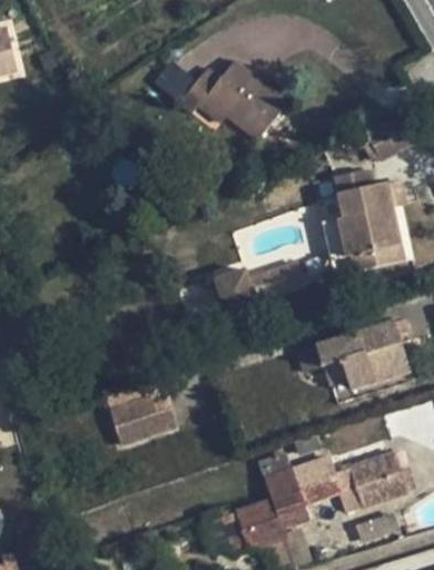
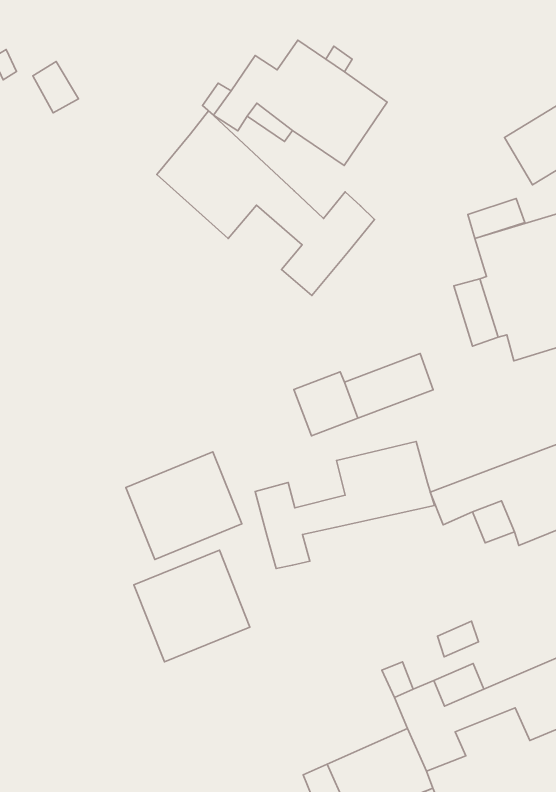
building: none -> [157,111,374,295]
building: none -> [126,452,242,559]
building: none -> [255,442,434,568]

